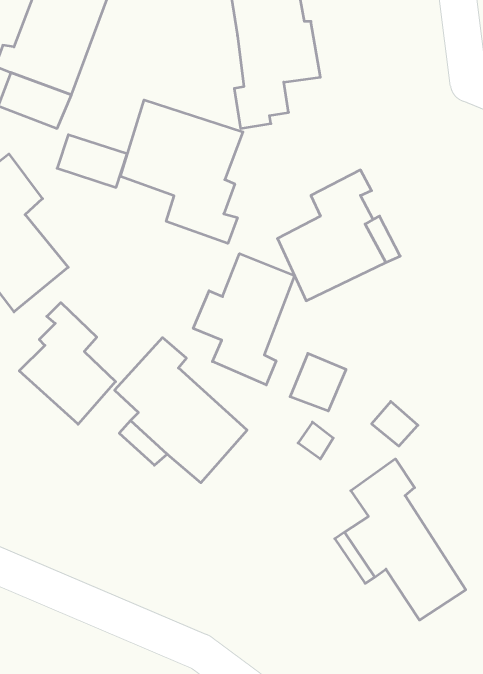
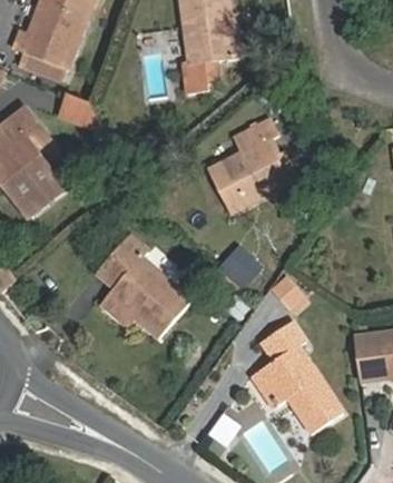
building: [121,100,243,243] -> none
building: [193,254,294,385] -> none
building: [19,303,116,424] -> none

